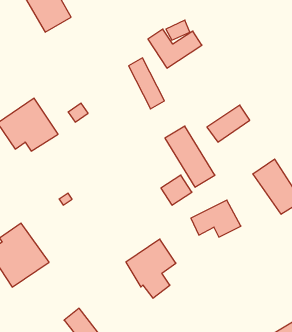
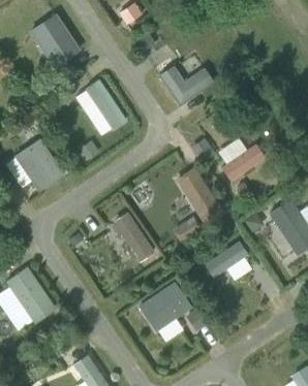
building: [129,58,164,109] -> [88,78,125,131]
building: none -> [114,212,153,263]

